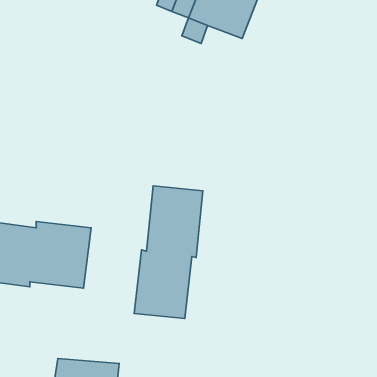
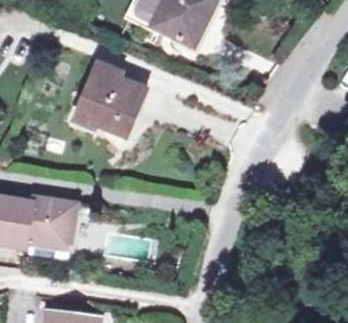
building: none -> [67,61,132,133]
building: [134,186,203,318] -> none

